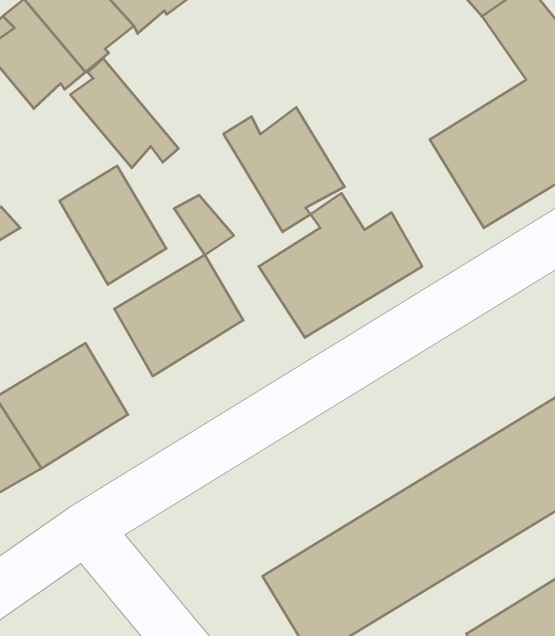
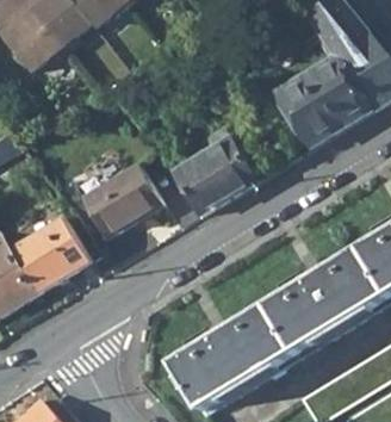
building: [70,58,178,168] -> none
building: [224,107,345,232] -> none
building: [60,166,166,285] -> none

